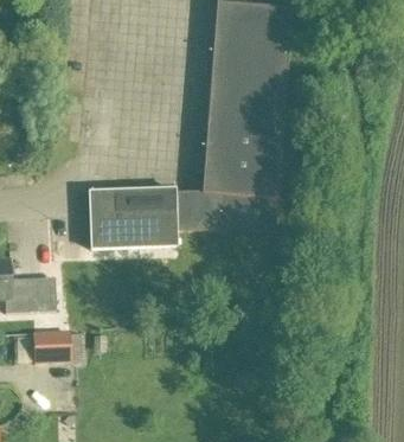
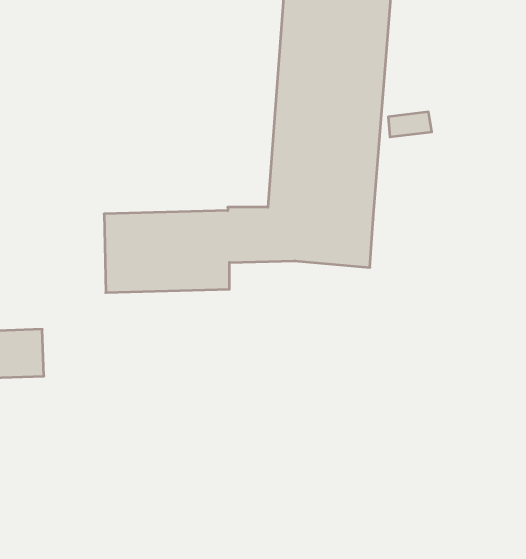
building: [36,325,72,360] -> none

